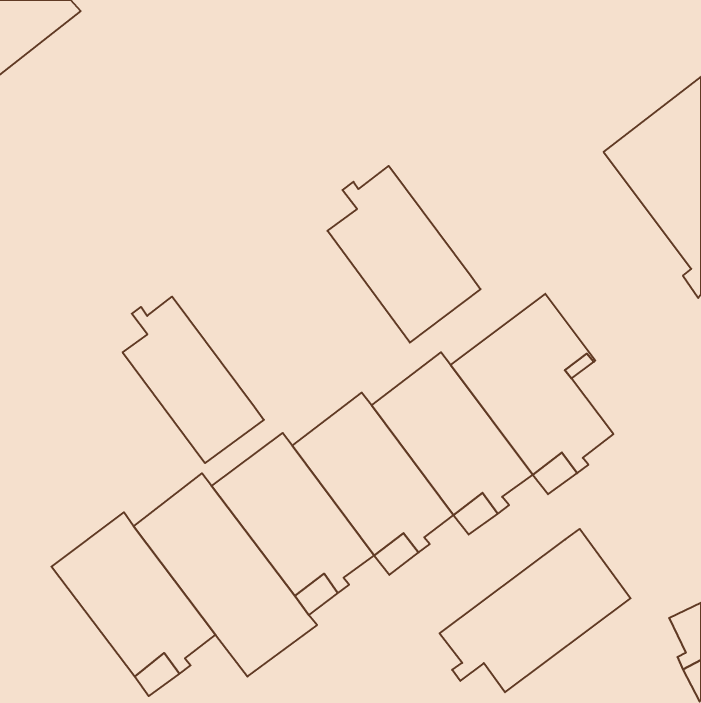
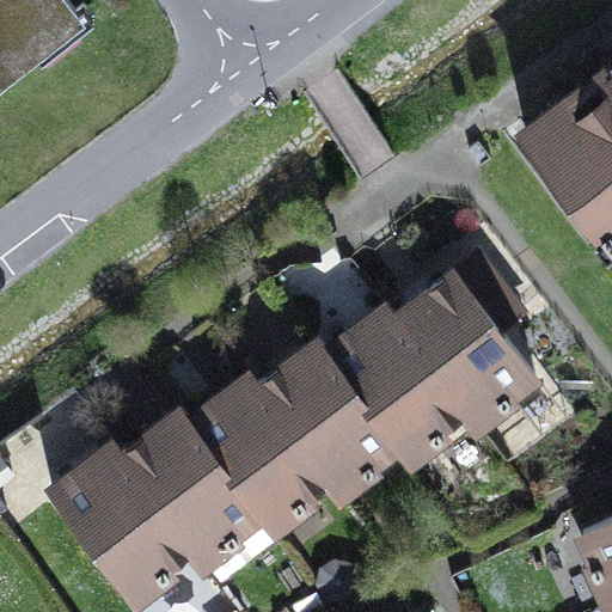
building: [327,166,481,343] -> none
building: [123,297,264,463] -> none
building: [440,529,631,692] -> none

